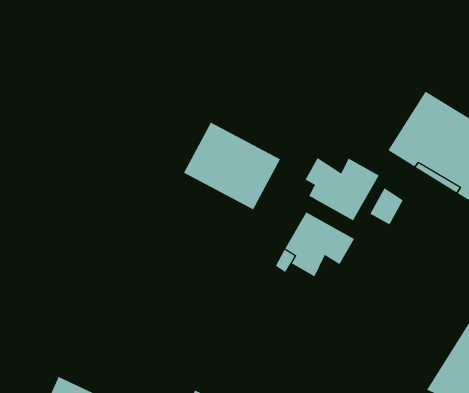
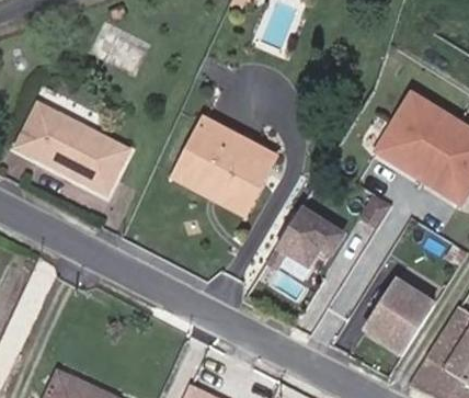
building: none -> [18,106,128,191]
building: [305,157,379,221] -> none
building: none -> [368,281,435,352]

